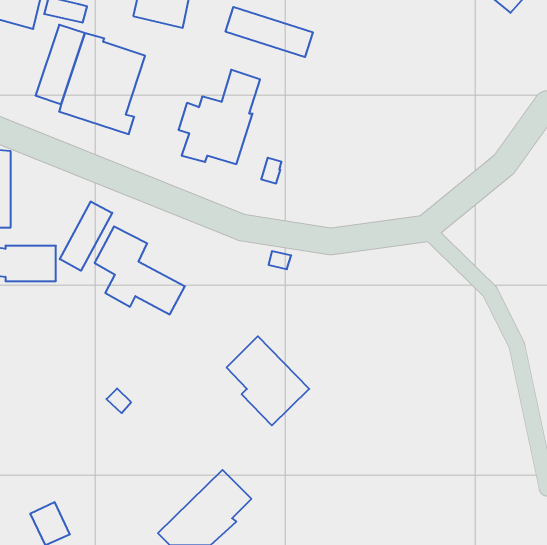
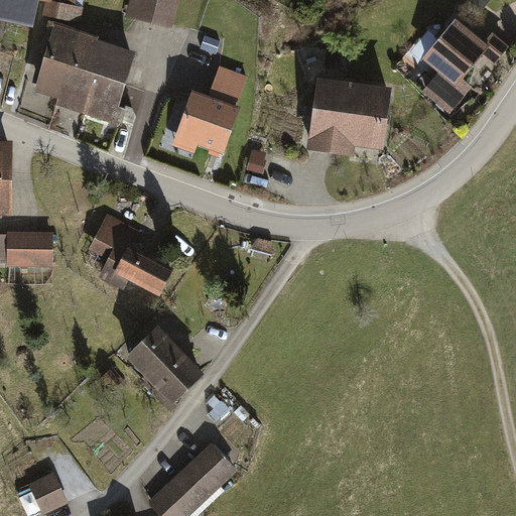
building: [226,7,313,57] -> none
building: none -> [421,20,507,114]
building: none -> [304,79,389,156]
building: [60,201,112,271] -> none
building: [227,336,309,425] -> [126,326,204,409]

